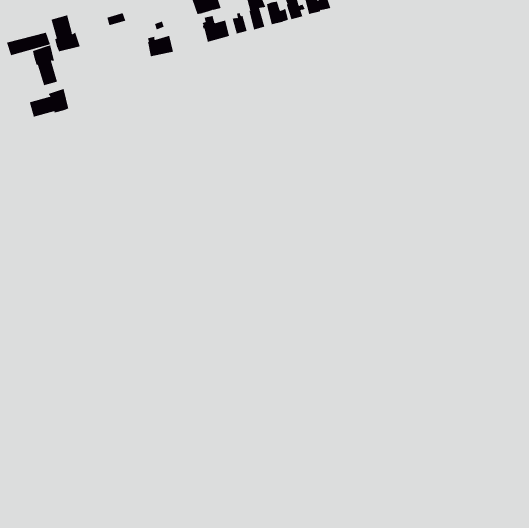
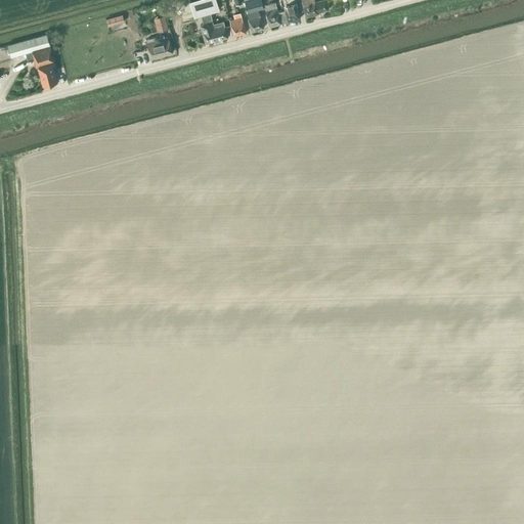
building: [51,15,80,52] -> none
building: [29,88,69,117] -> none

